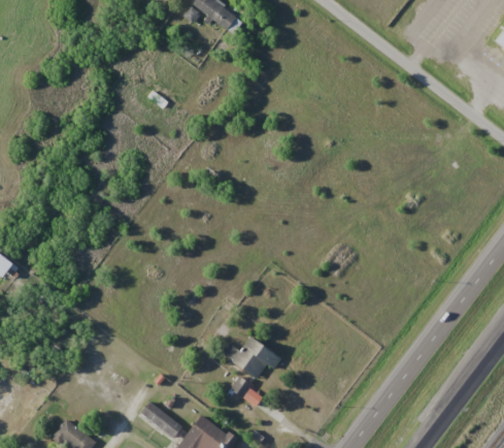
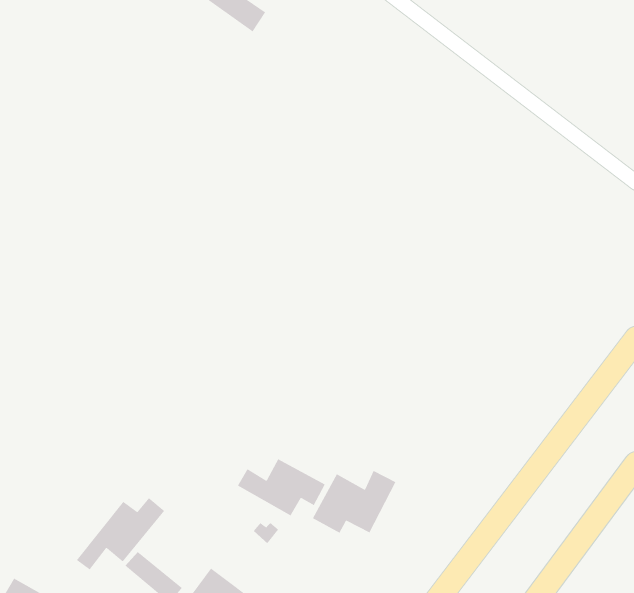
building: none -> [312,470,396,534]
building: none -> [76,497,165,571]

